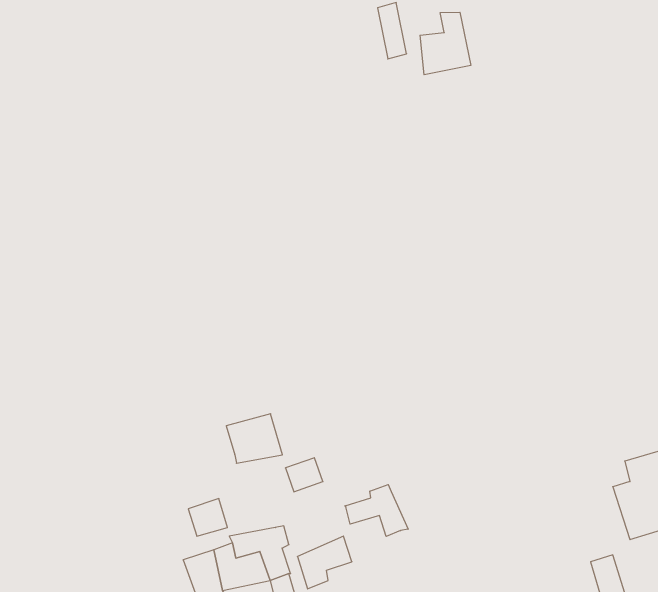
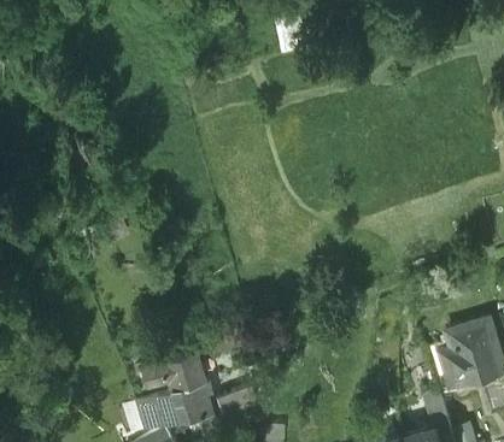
building: [420,12,471,75] -> none
building: [226,414,282,463] -> [160,348,200,383]
building: [345,485,408,536] -> none

